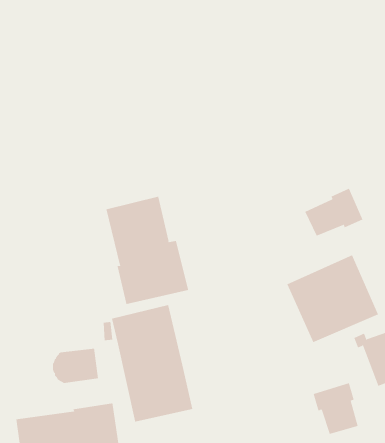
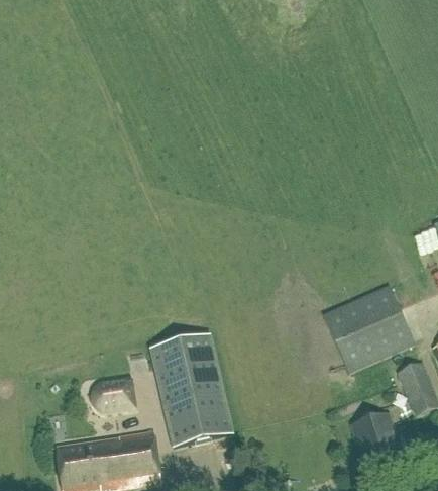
building: [305,188,363,236] -> none
building: [106,196,189,305] -> none

